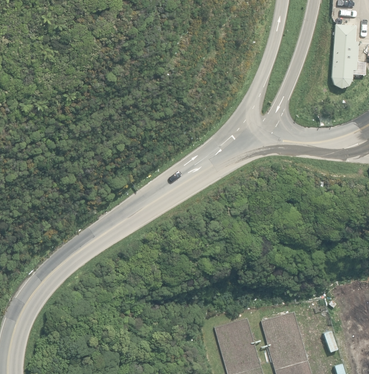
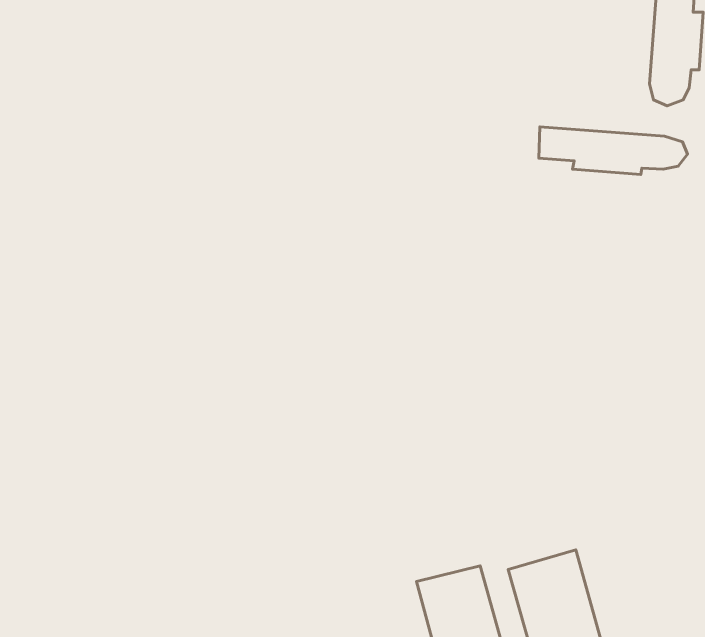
building: none -> [539,127,687,175]

